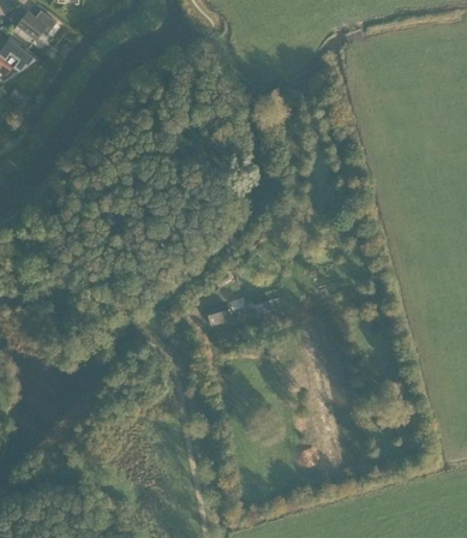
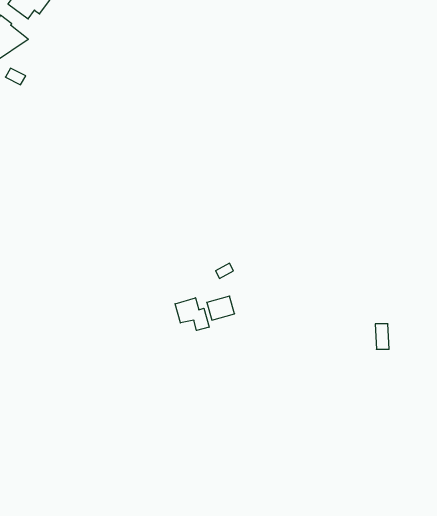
building: none -> [175,298,209,330]

